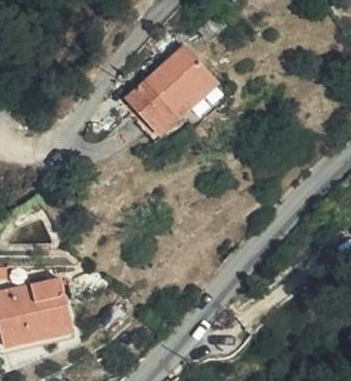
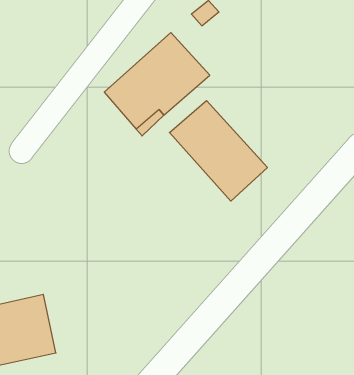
building: none -> [169,101,267,201]

